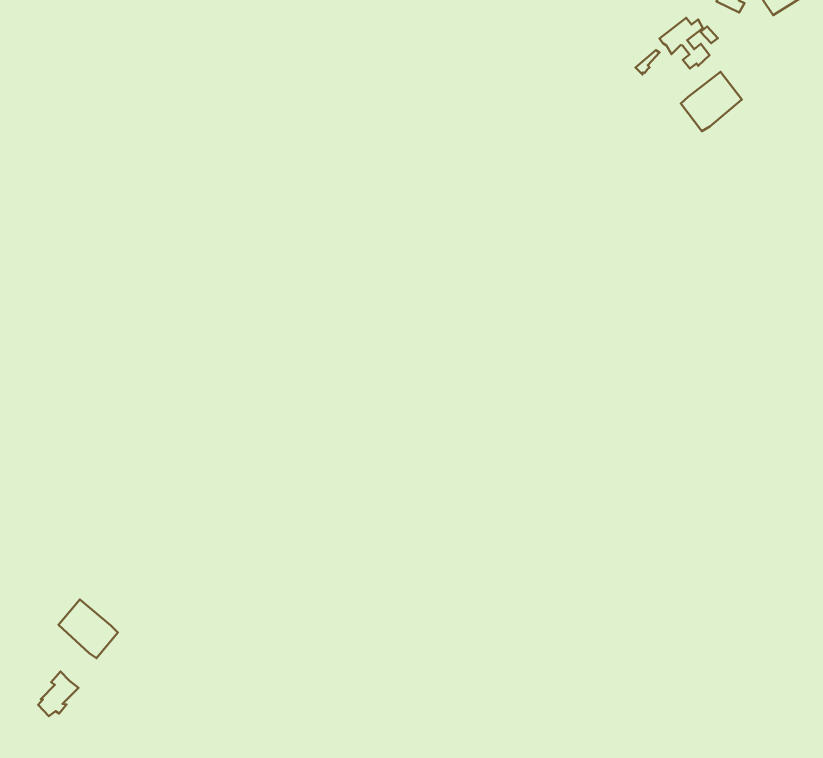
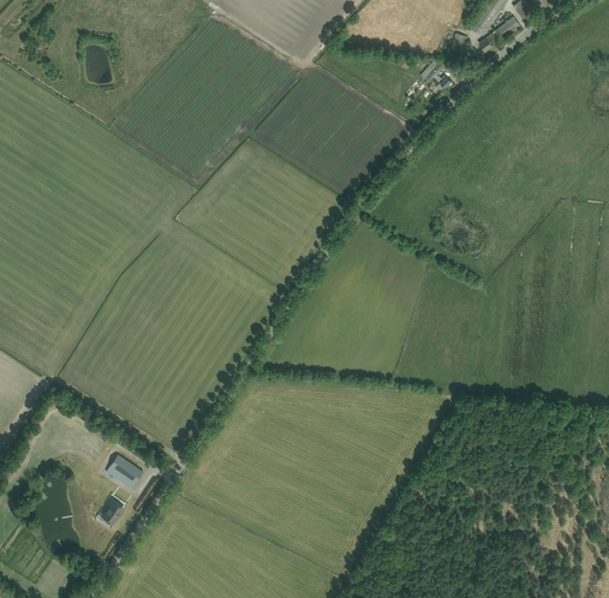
building: [681,72,742,131] -> none

